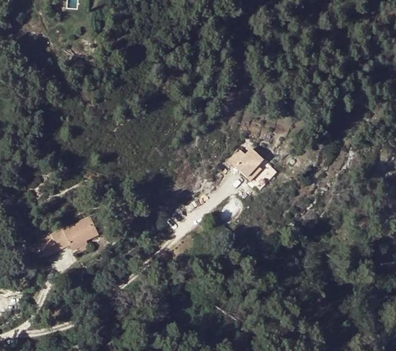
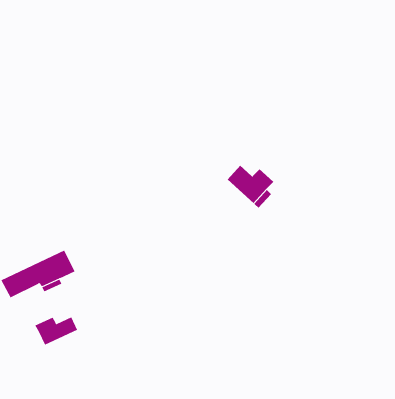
building: none -> [35,317,78,346]

